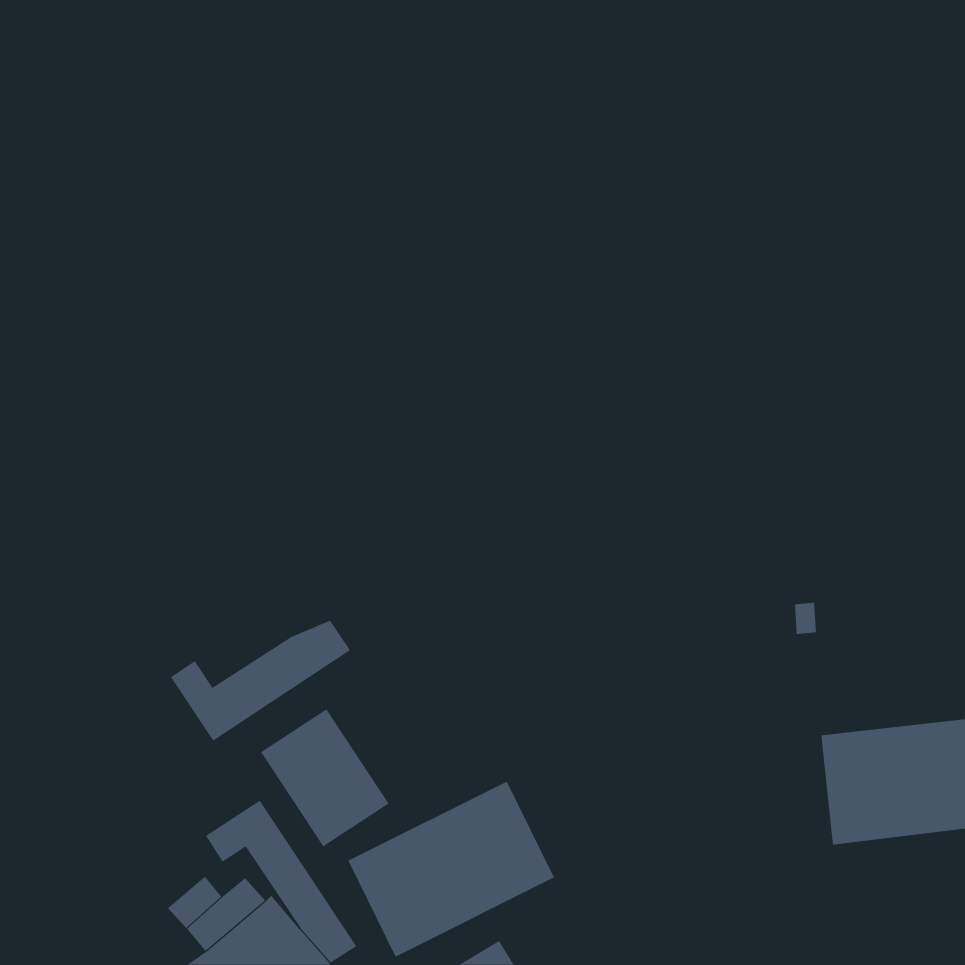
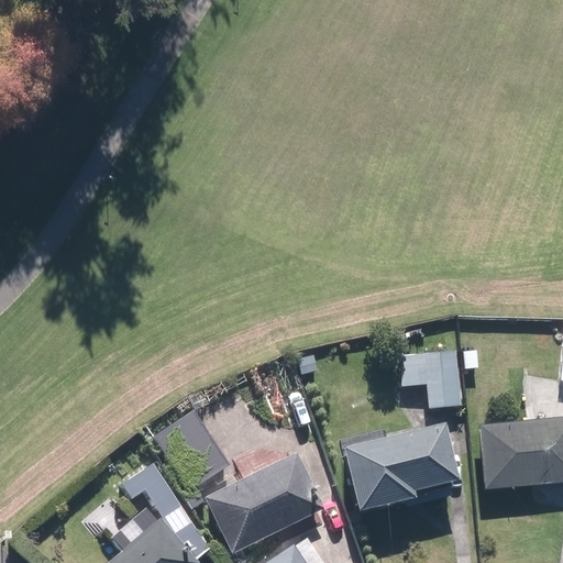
building: none -> [401,350,463,409]
building: [170,620,351,741] -> none
building: none -> [340,424,455,512]

